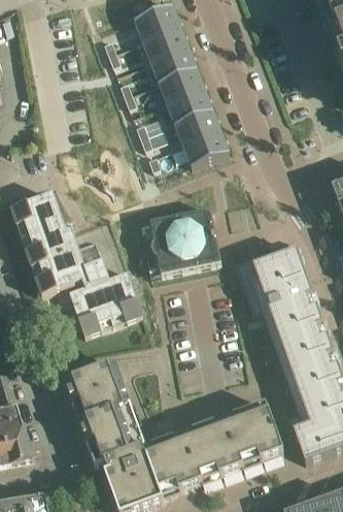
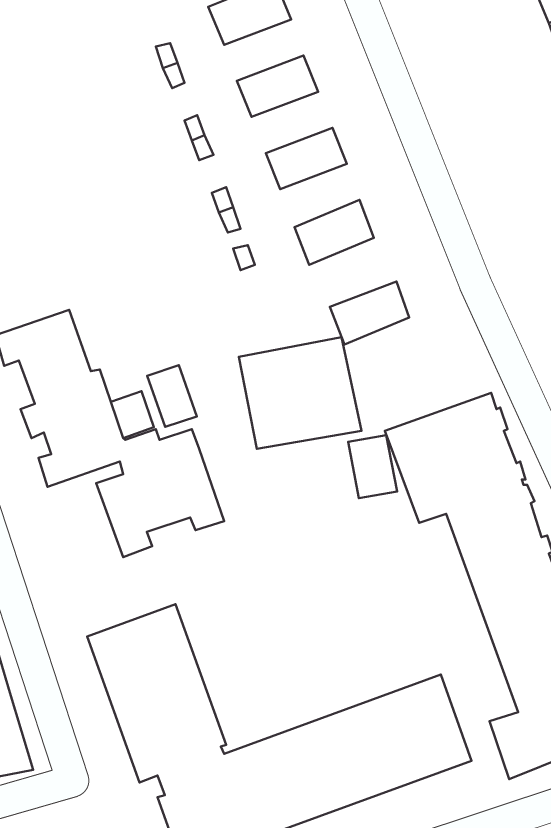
building: [142,29,187,64] -> none
building: [158,70,204,105] -> none
building: [174,111,219,148] -> [330,281,409,345]
building: none -> [147,365,197,427]
building: none -> [348,435,397,498]

